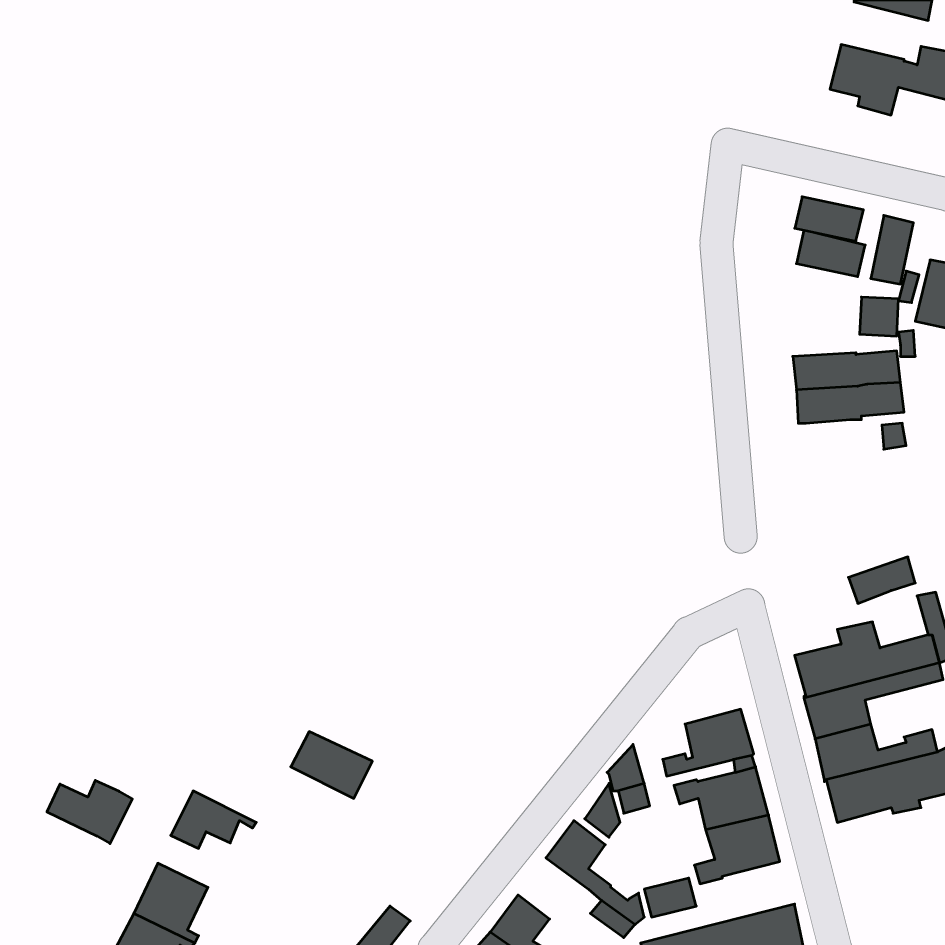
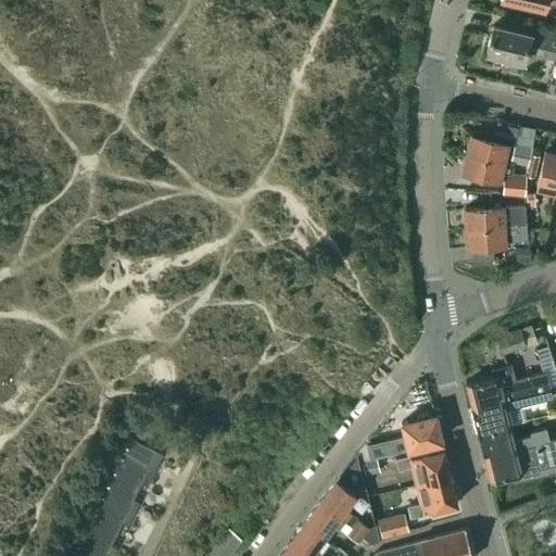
building: [795,197,863,241] -> [464,156,504,182]
building: [291,732,372,798] -> [115,444,163,483]
building: [47,780,132,844] -> [94,489,144,526]
building: none -> [305,504,346,540]

